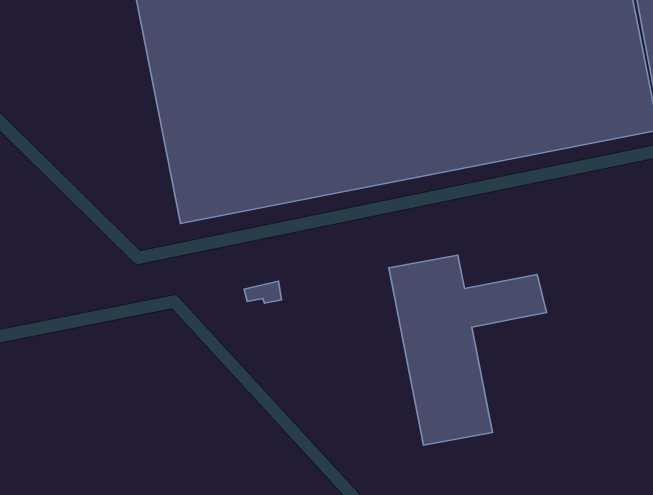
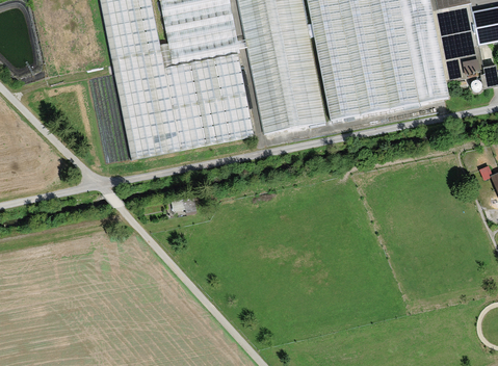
building: [389,255,546,445] -> none

